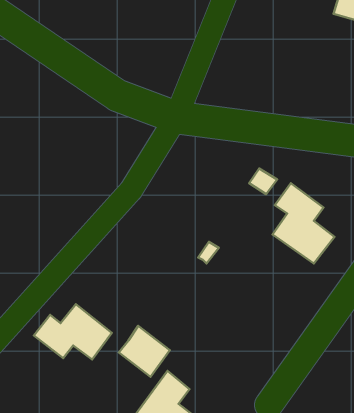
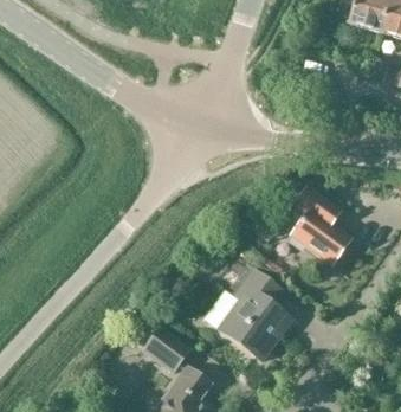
building: none -> [225,269,292,355]
building: [34,304,112,359] -> none

